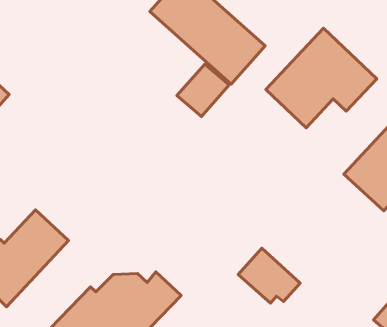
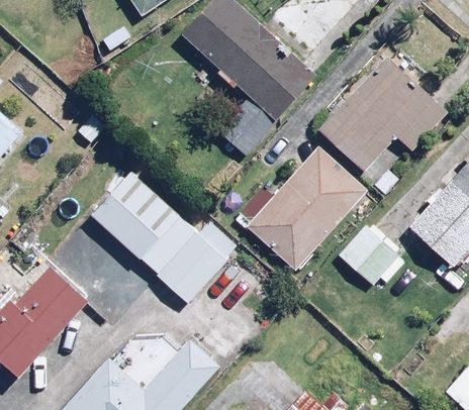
building: none -> [247,144,368,270]
building: none -> [87,173,221,301]
building: [238,248,300,303] -> [336,223,407,287]

